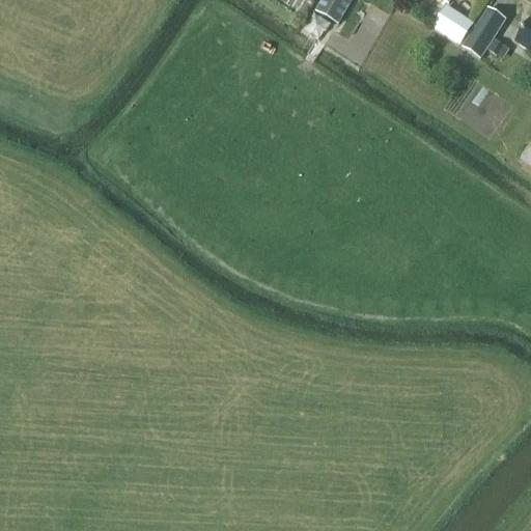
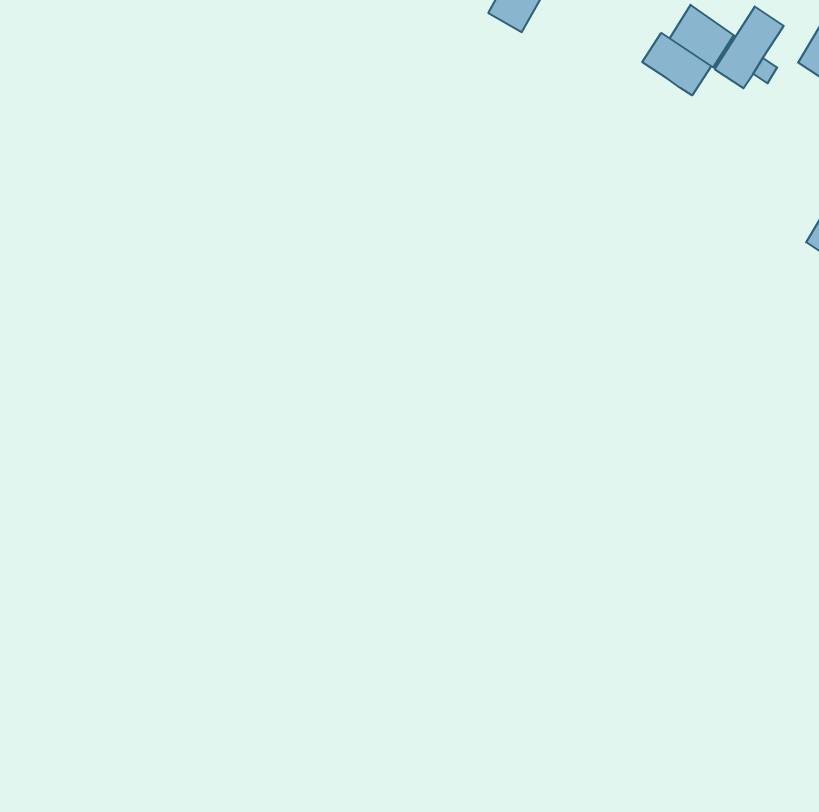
building: none -> [642,33,711,95]

